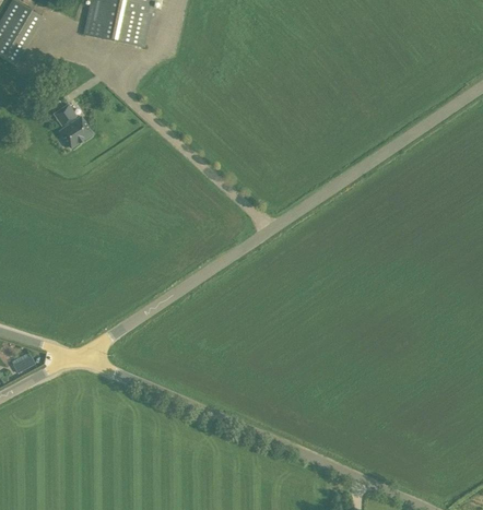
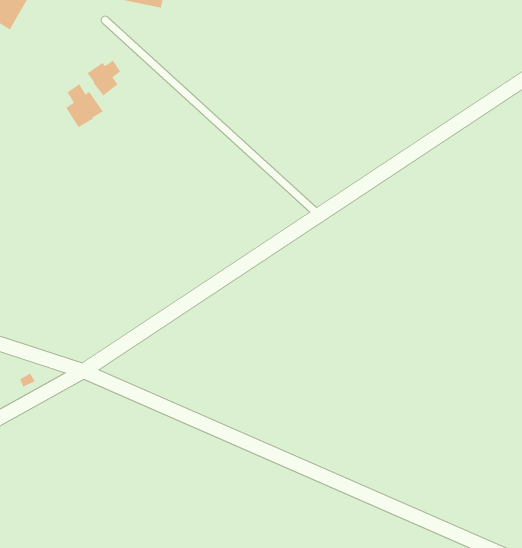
building: none -> [86,59,121,96]

